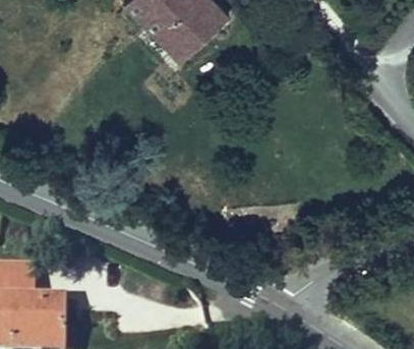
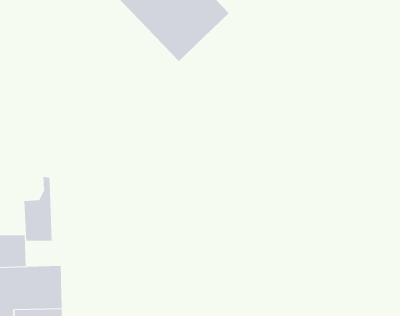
building: none -> [24,176,52,242]

